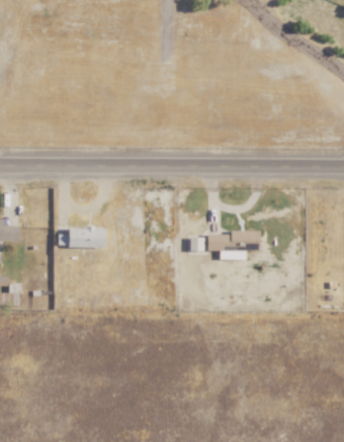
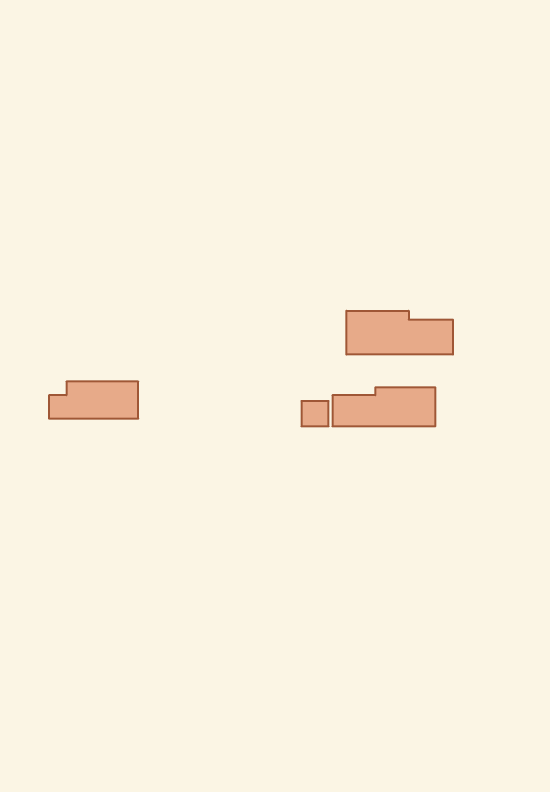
building: none -> [346,311,453,355]

